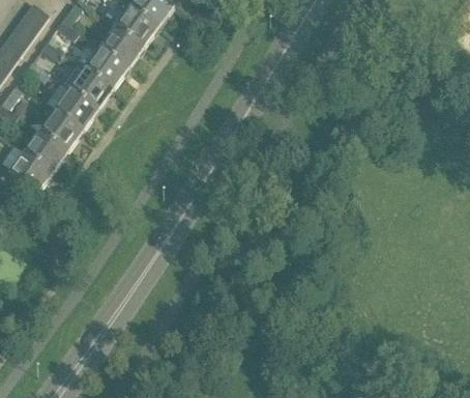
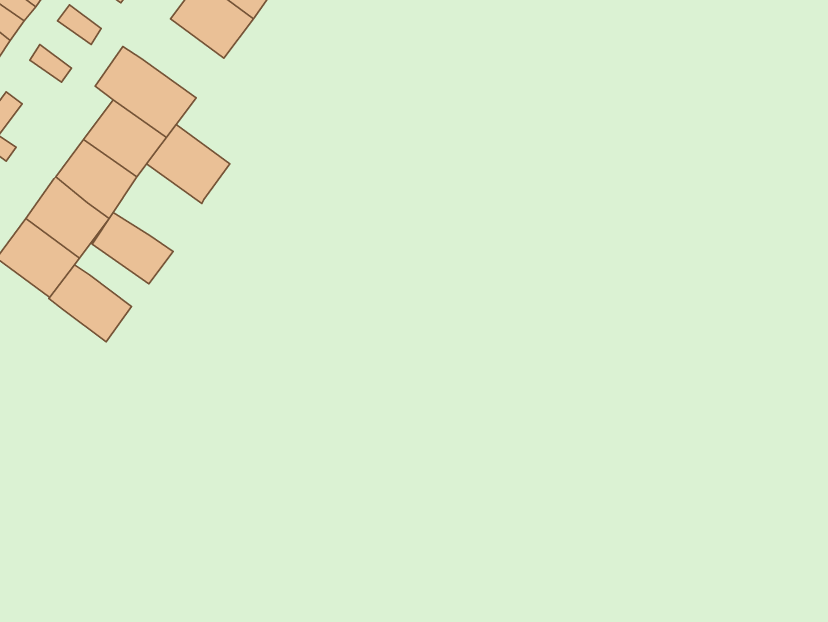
building: [84,47,127,88] -> [147,124,230,204]
building: none -> [92,212,173,284]
building: none -> [49,265,131,342]

